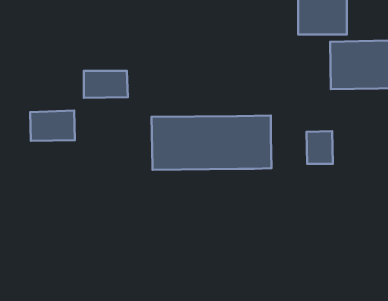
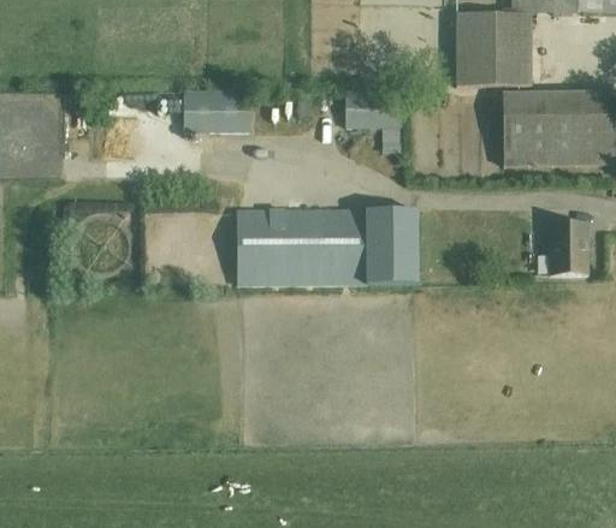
building: none -> [346,90,404,125]
building: [84,71,128,98] -> [185,90,251,131]
building: [307,131,333,164] -> [546,227,586,277]

